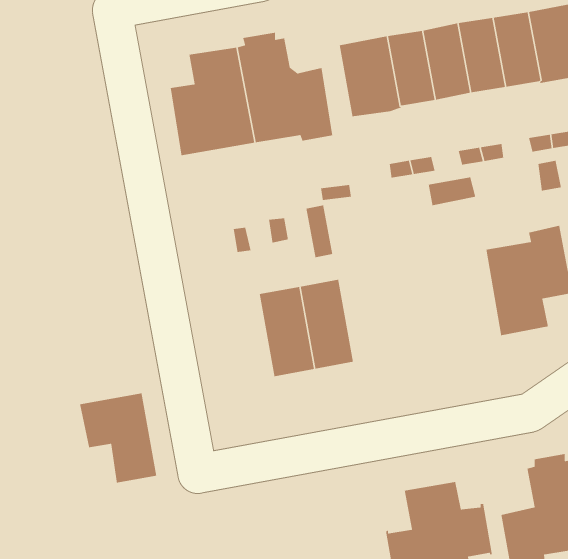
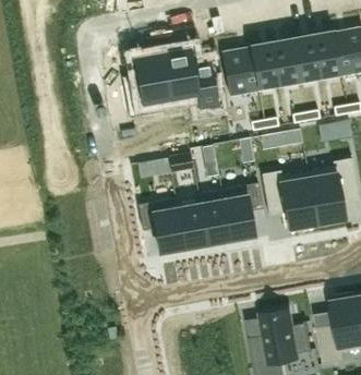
building: none -> [262,172,316,233]
building: none -> [221,184,263,240]
building: [79,393,157,484] -> [137,199,183,253]

